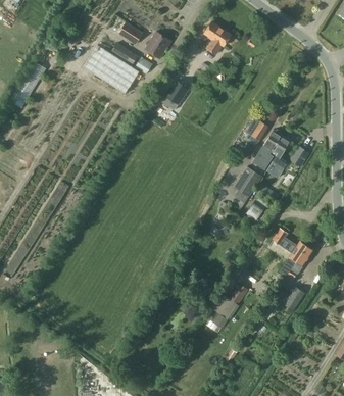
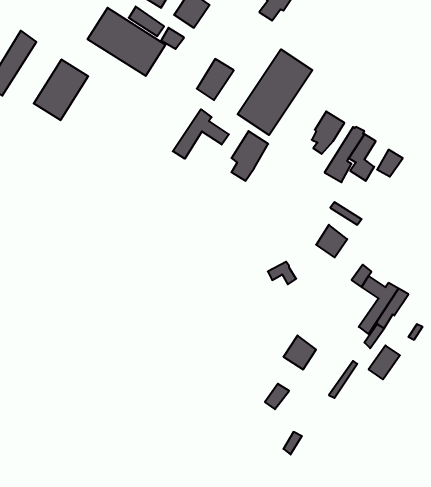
building: none -> [238,49,312,135]
building: none -> [34,59,88,120]
building: none -> [173,109,229,159]
building: [235,167,261,203] -> [231,131,268,181]

